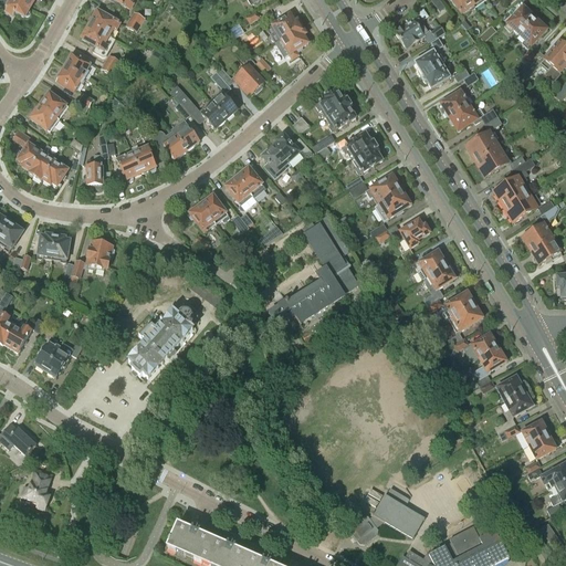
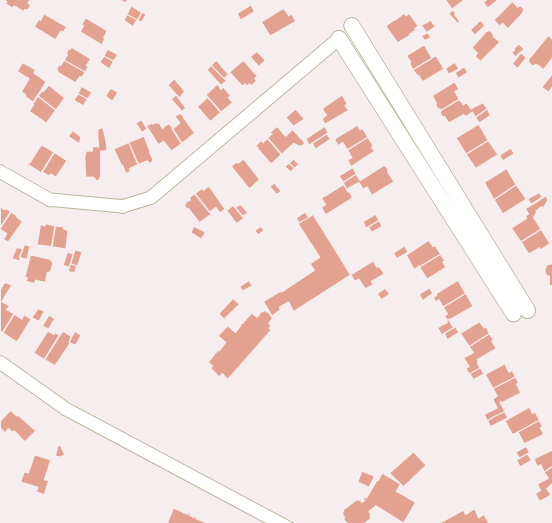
building: [87,9,120,35] -> [34,14,67,40]
building: [518,15,547,48] -> [472,30,500,62]
building: [275,25,308,57] -> none
building: [315,87,349,115] -> none
building: [13,129,43,170] -> [17,62,46,102]
building: [226,174,256,210] -> none
building: [379,189,411,220] -> [321,184,353,215]
building: [396,218,430,247] -> [351,261,384,289]
building: [86,240,115,269] -> [25,255,53,283]
building: [128,307,193,377] -> [208,311,272,379]
building: none -> [390,452,426,487]

